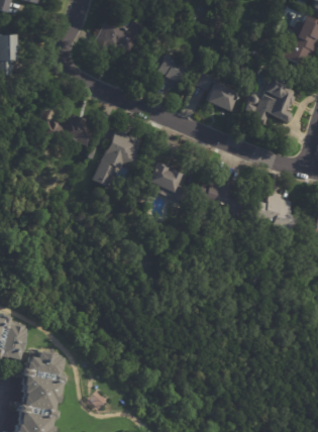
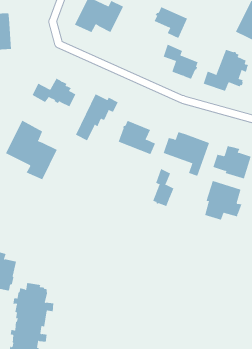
building: [148,51,188,89] -> [154,6,188,38]
building: none -> [5,120,58,180]
building: none -> [152,168,174,207]
building: none -> [204,180,242,220]

